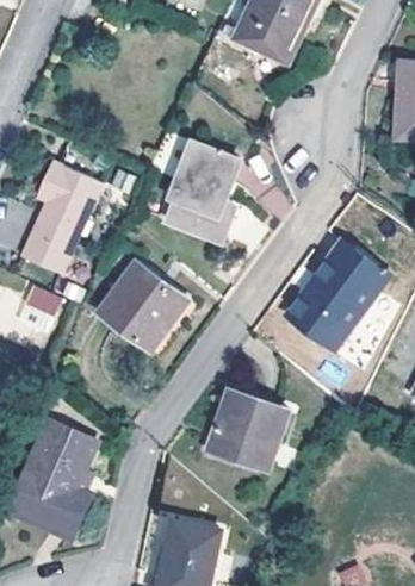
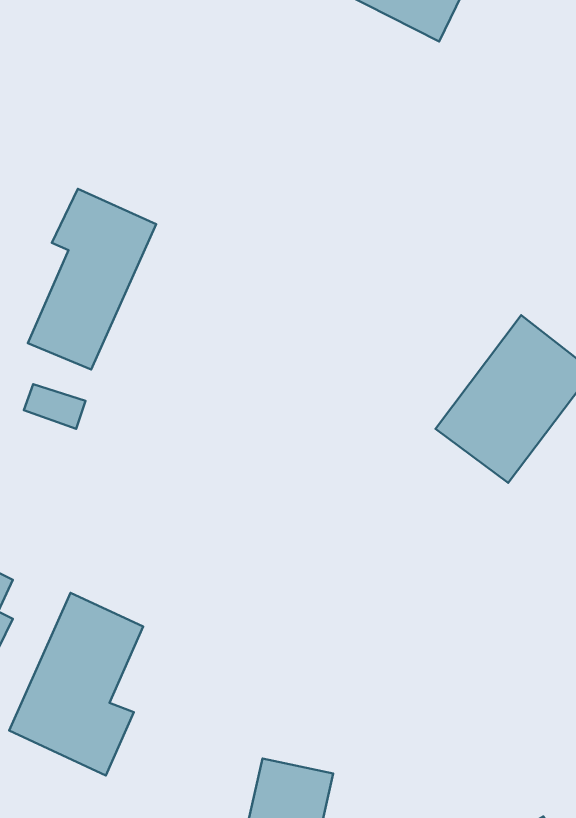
building: [166,142,237,242] -> none
building: [97,262,184,348] -> none
building: [202,389,280,469] -> none

